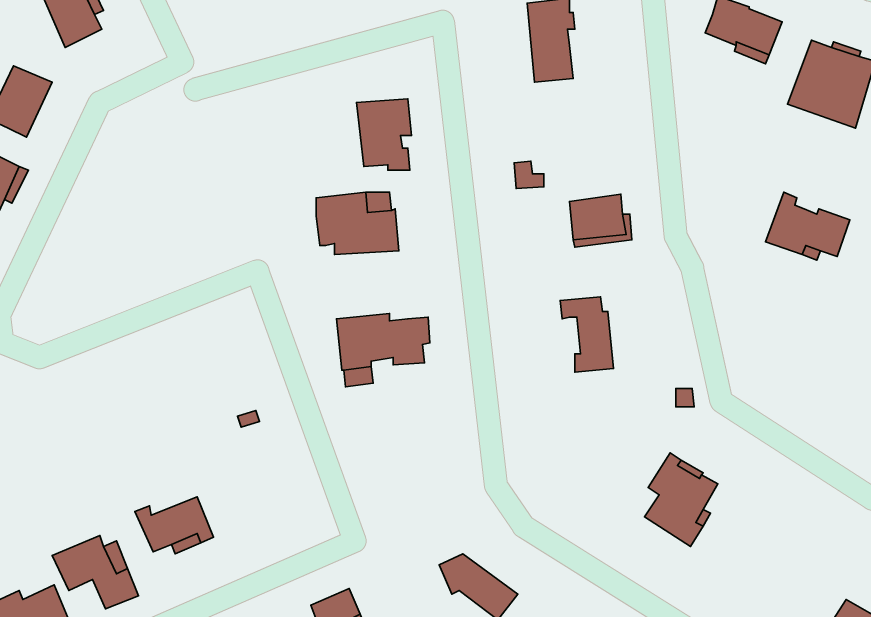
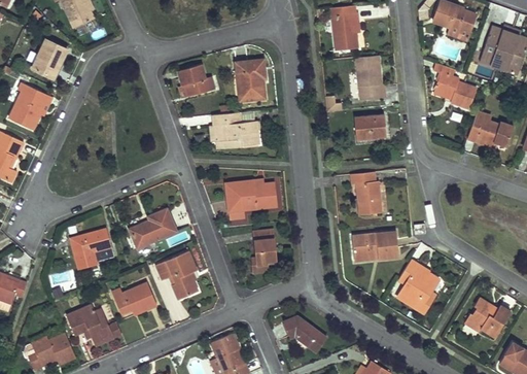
building: none -> [357,54,383,97]
building: none -> [433,64,477,109]
building: none -> [179,65,217,97]
building: none -> [129,209,177,248]
building: none -> [69,229,110,270]
building: none -> [251,230,278,273]
building: none -> [353,230,398,257]
building: none -> [157,250,199,300]
building: none -> [466,297,511,336]

